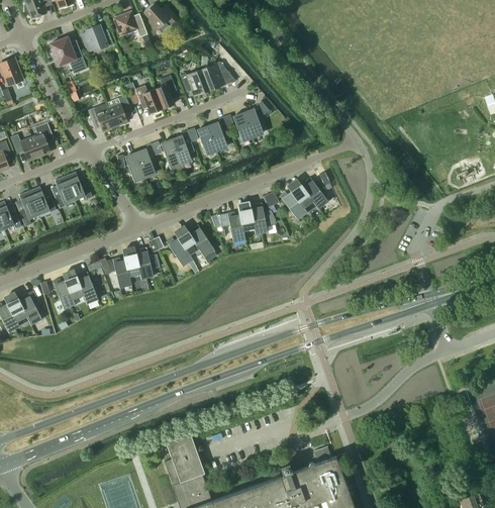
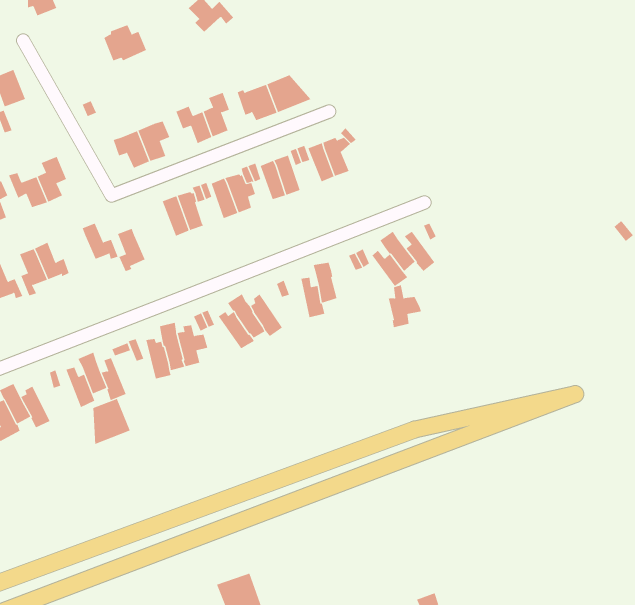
building: [114,12,146,36] -> none
building: [49,38,87,74] -> none
building: [54,176,75,208] -> [117,228,146,272]
building: [251,202,276,234] -> [388,284,422,328]
building: none -> [93,398,131,445]

